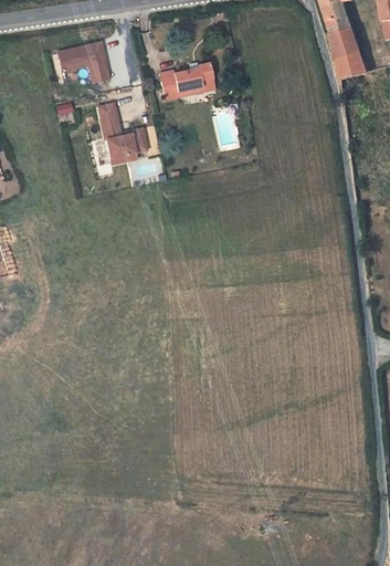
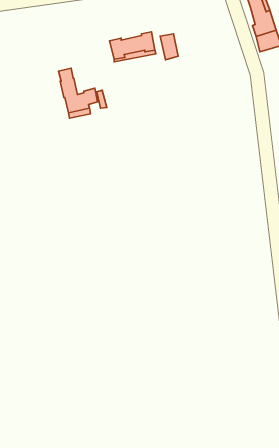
building: [56,41,106,81] -> none
building: none -> [160,34,178,60]

